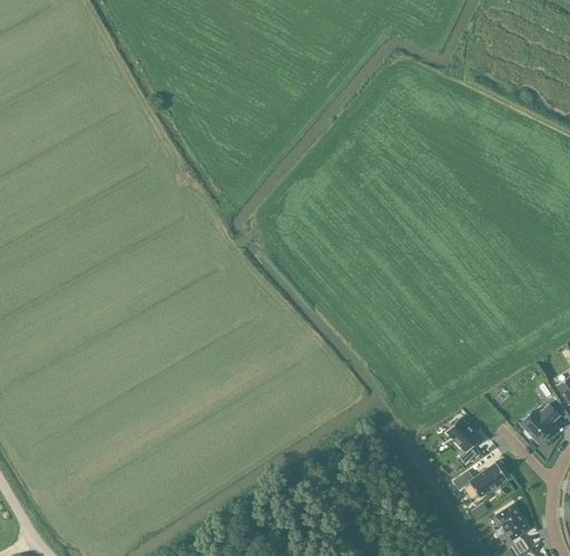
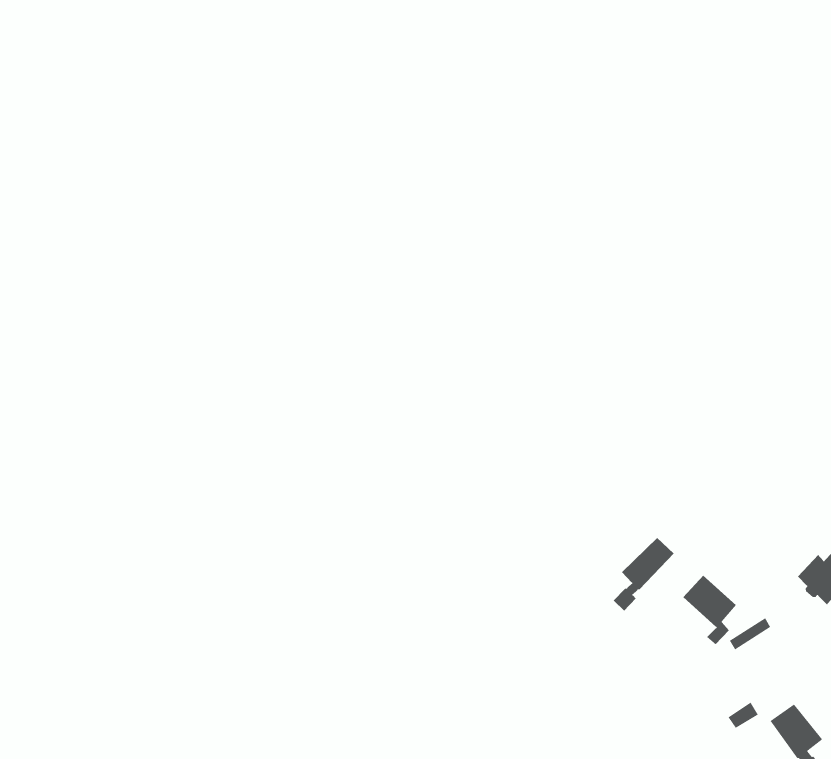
building: none -> [613,537,674,611]
building: [453,461,507,498] -> none

